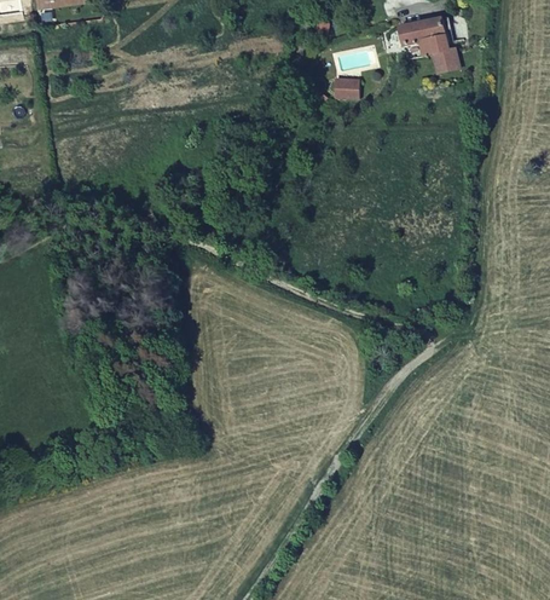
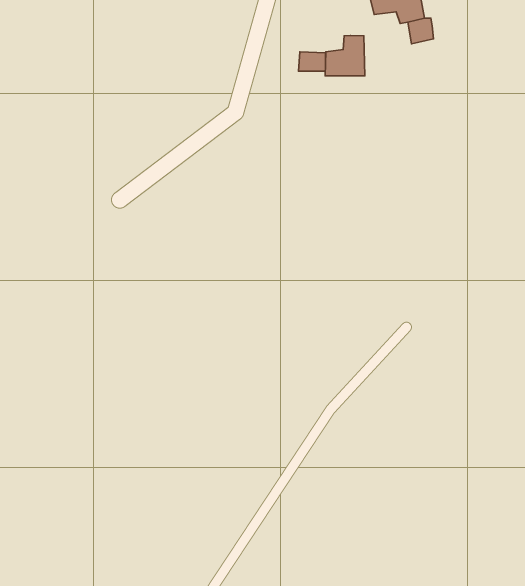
building: none -> [325,36,365,76]

